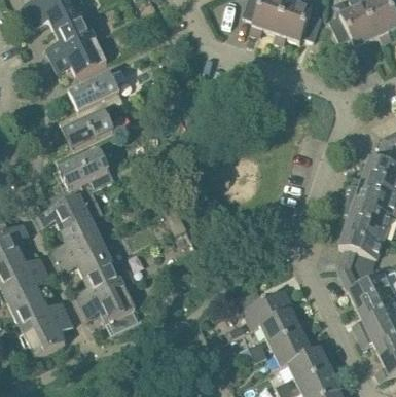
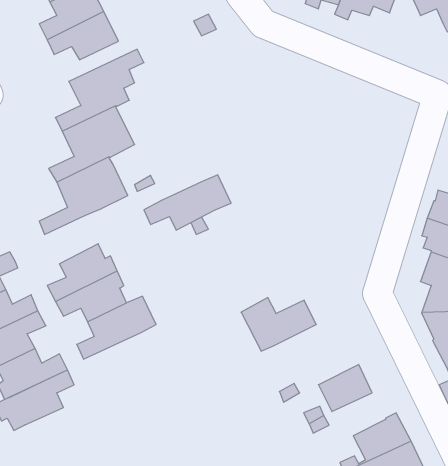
building: [37,190,104,232] -> [144,175,231,230]
building: [80,285,143,337] -> none
building: [236,288,293,329] -> [241,298,316,351]
building: [271,331,312,367] -> none

